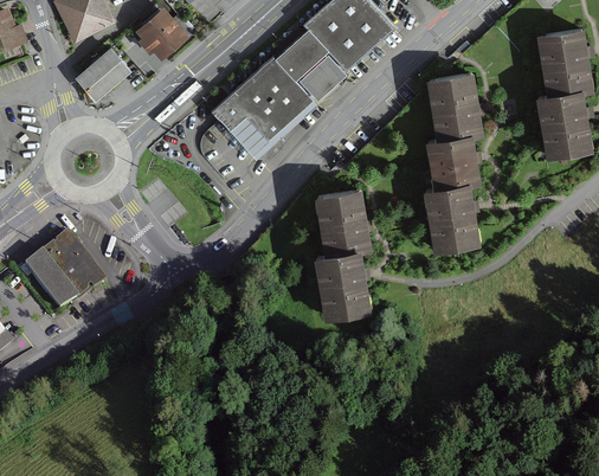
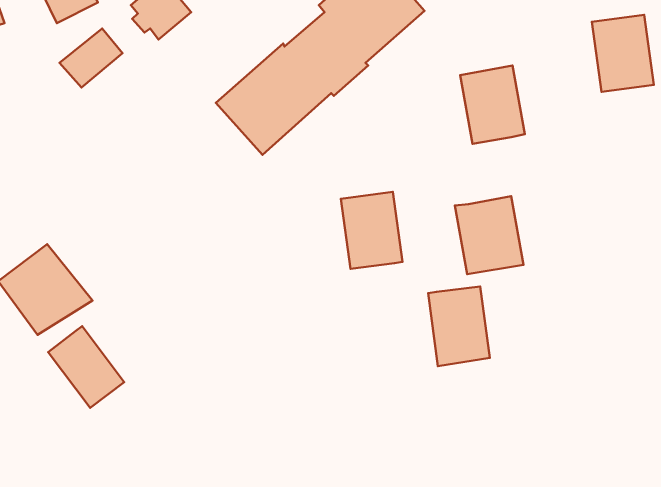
building: [537,95,592,163] -> none
building: [423,139,476,197] -> none
building: [322,247,375,316] -> [428,286,490,366]
building: none -> [48,326,124,408]

